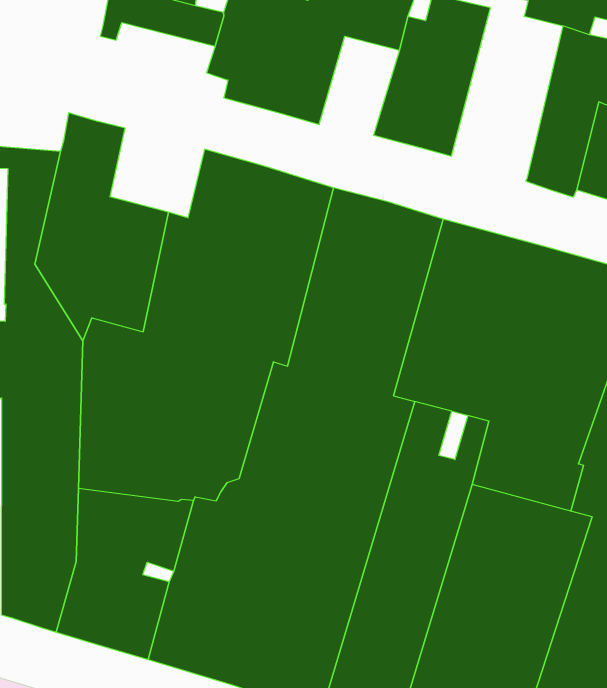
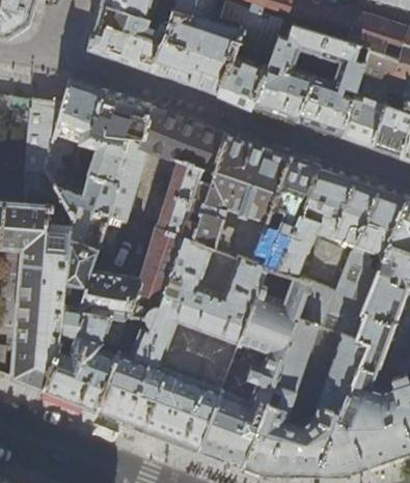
building: none -> [297,35,368,138]
building: none -> [87,30,166,79]
building: none -> [219,47,270,110]
building: none -> [91,93,149,149]

